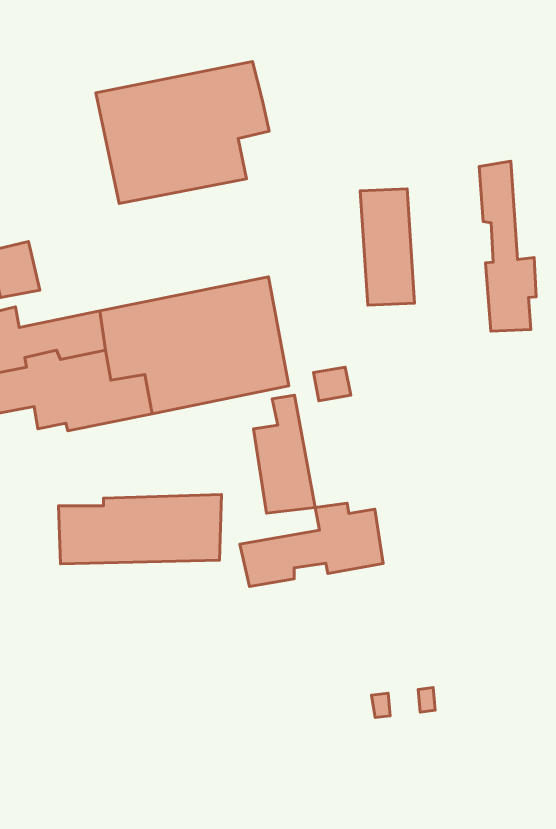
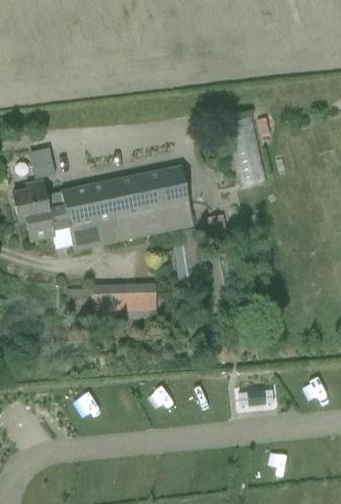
building: [96,61,269,204] -> none
building: [479,161,536,331] -> none
building: [240,503,383,587] -> none

